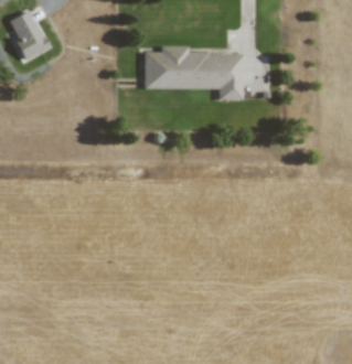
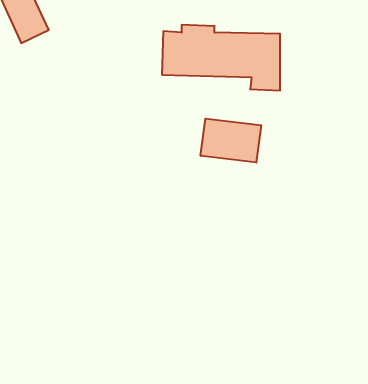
building: none -> [201,119,261,163]

